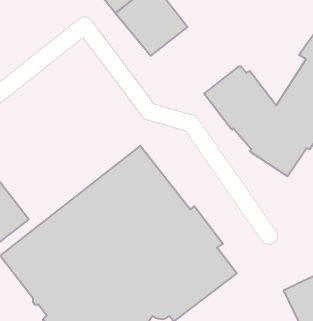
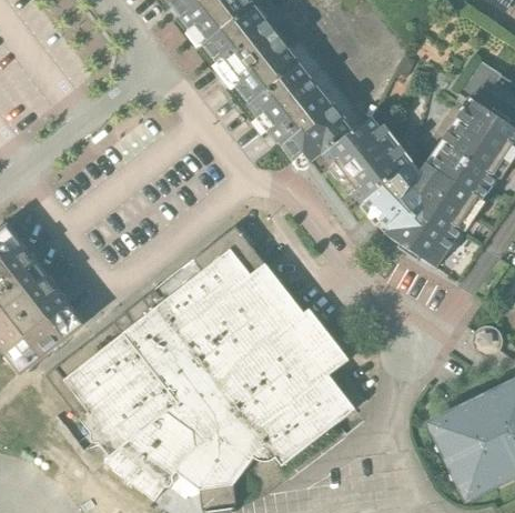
building: none -> [251,64,353,168]

